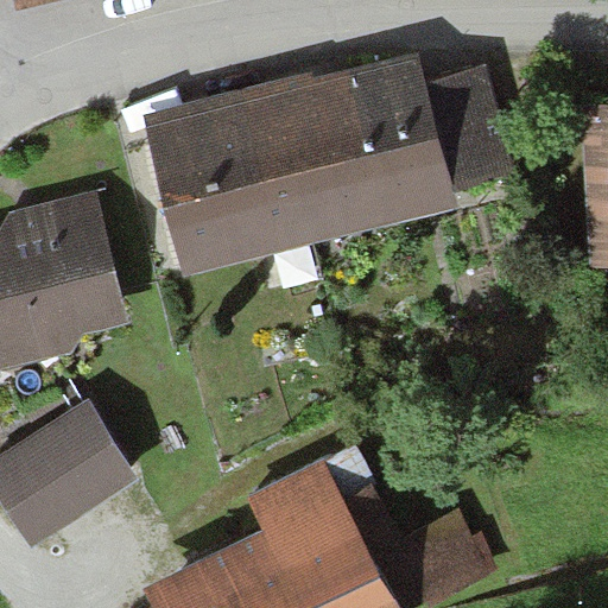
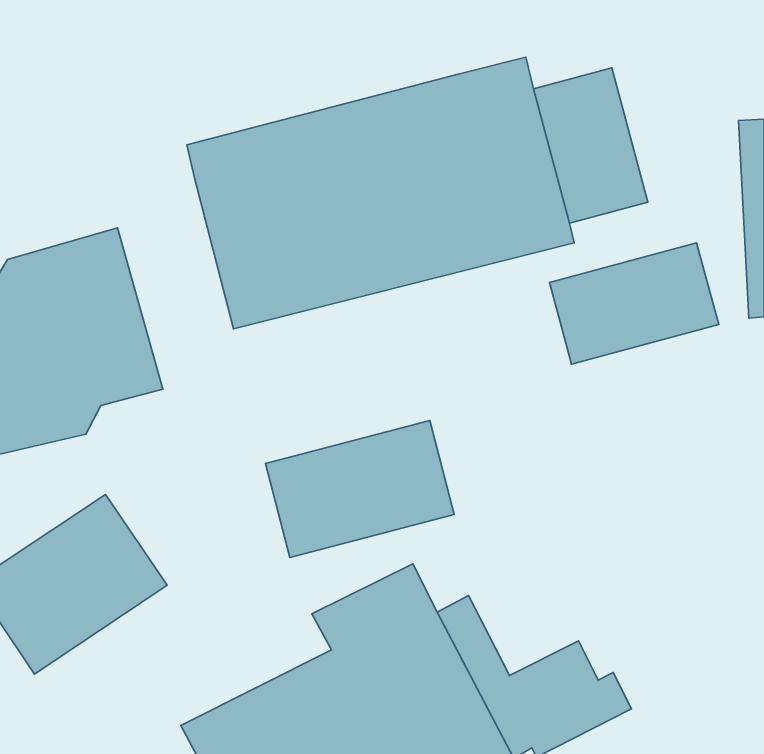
building: none -> [549,243,719,364]
building: none -> [266,421,454,557]

